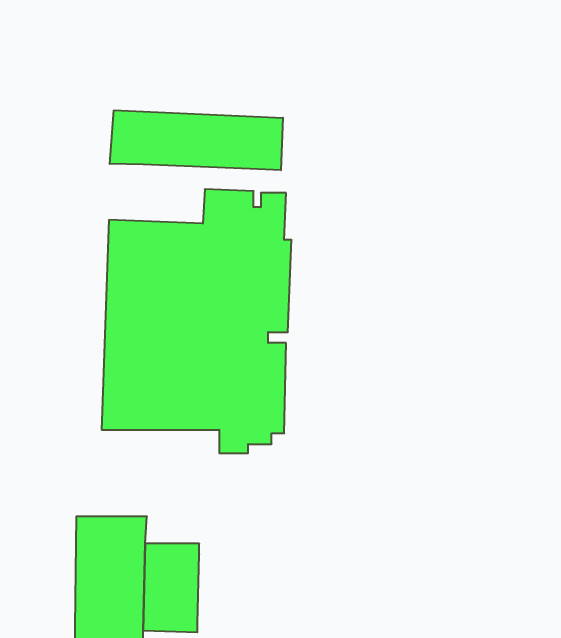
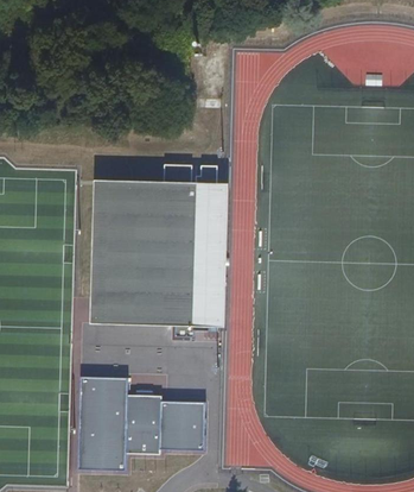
building: [110,110,283,170] -> none
building: none -> [158,403,203,449]

